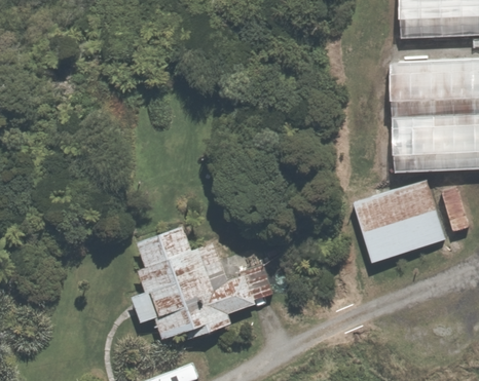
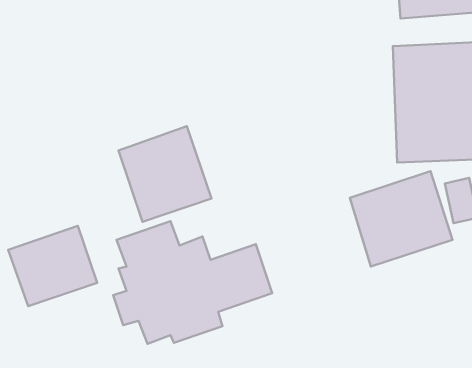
building: none -> [119,126,211,222]
building: none -> [8,226,97,306]

